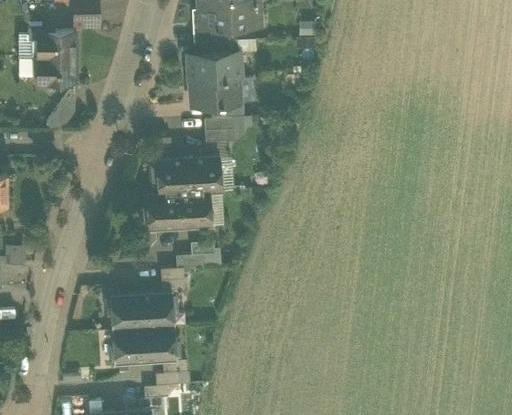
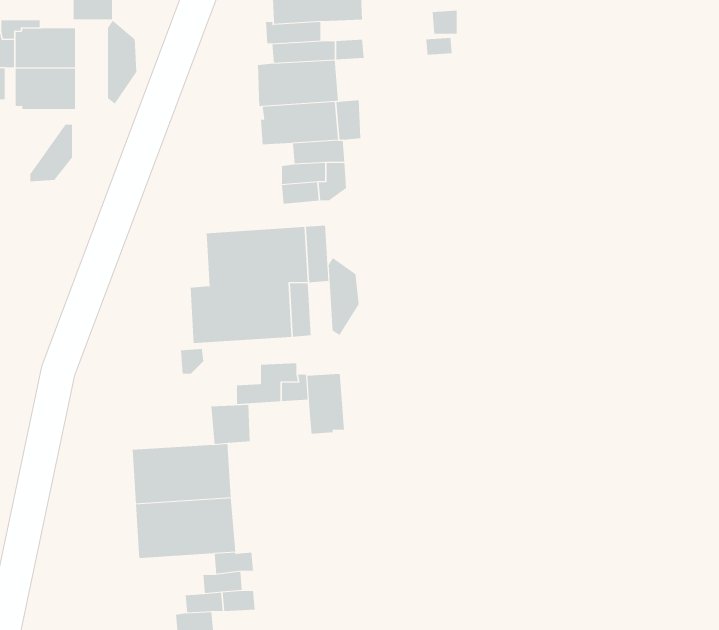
building: none -> [108,20,137,104]
building: none -> [328,257,359,336]
building: none -> [307,373,344,435]

